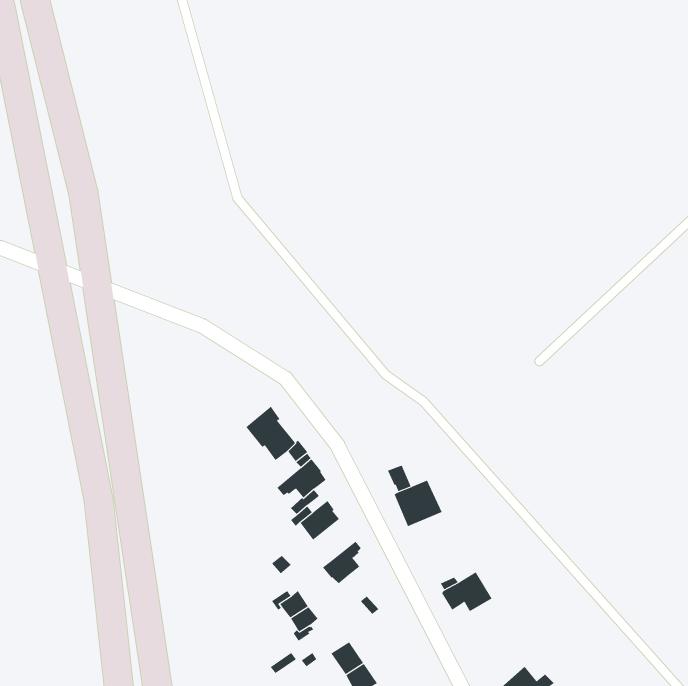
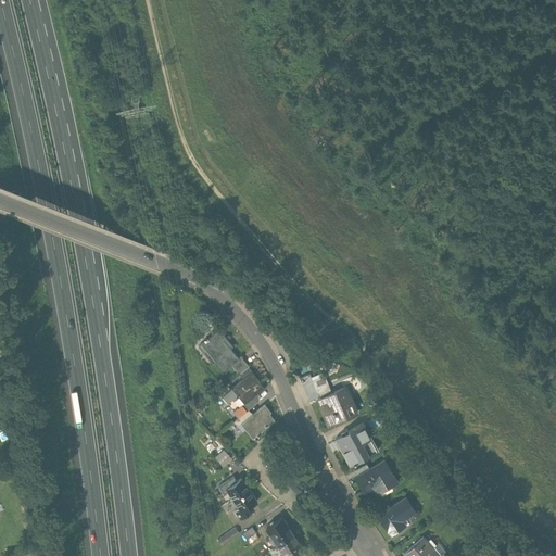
building: none -> [333,426,378,468]
building: [322,541,362,584] -> none
building: none -> [379,501,415,536]

